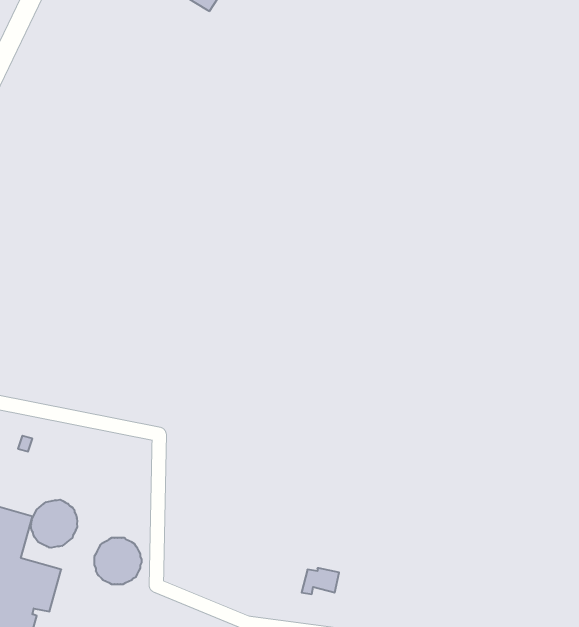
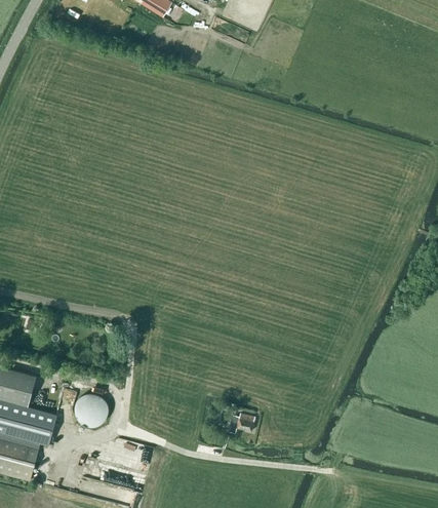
building: [31,500,77,548] -> none

